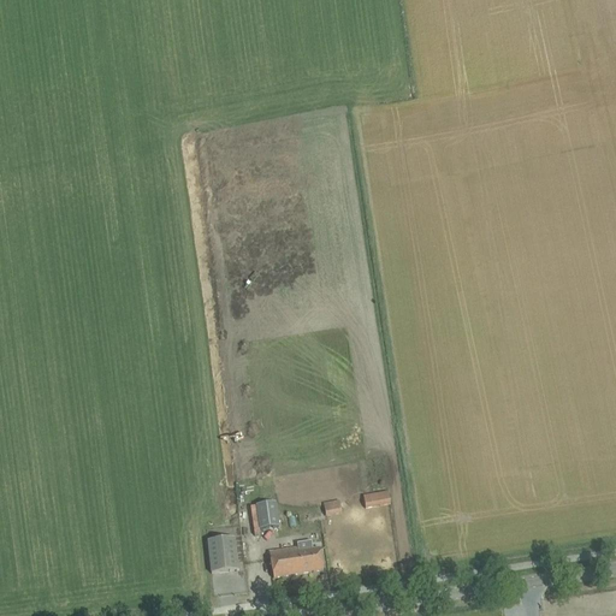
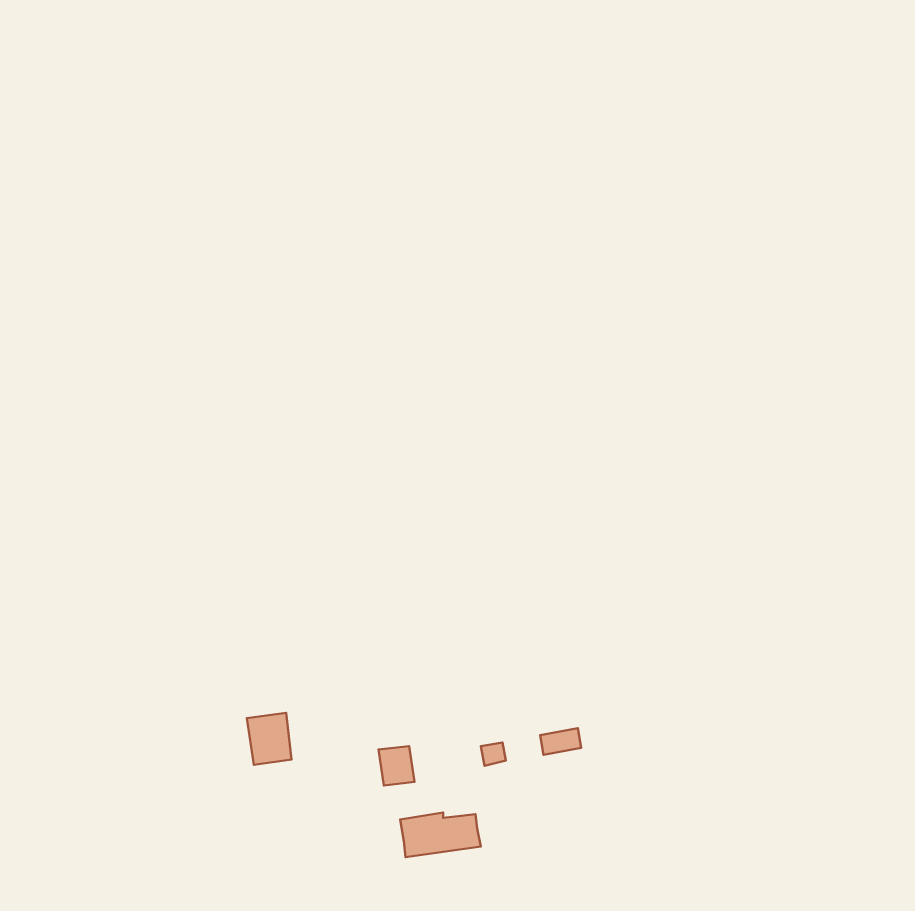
building: [206,537,236,571] -> [247,713,292,765]

